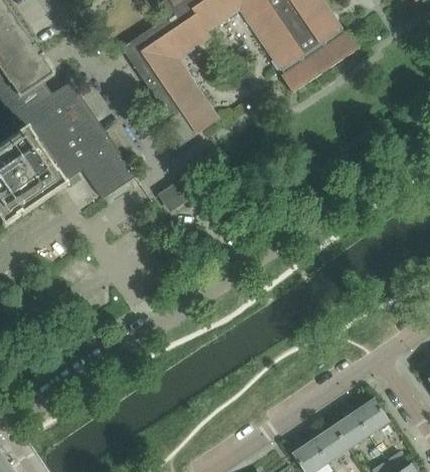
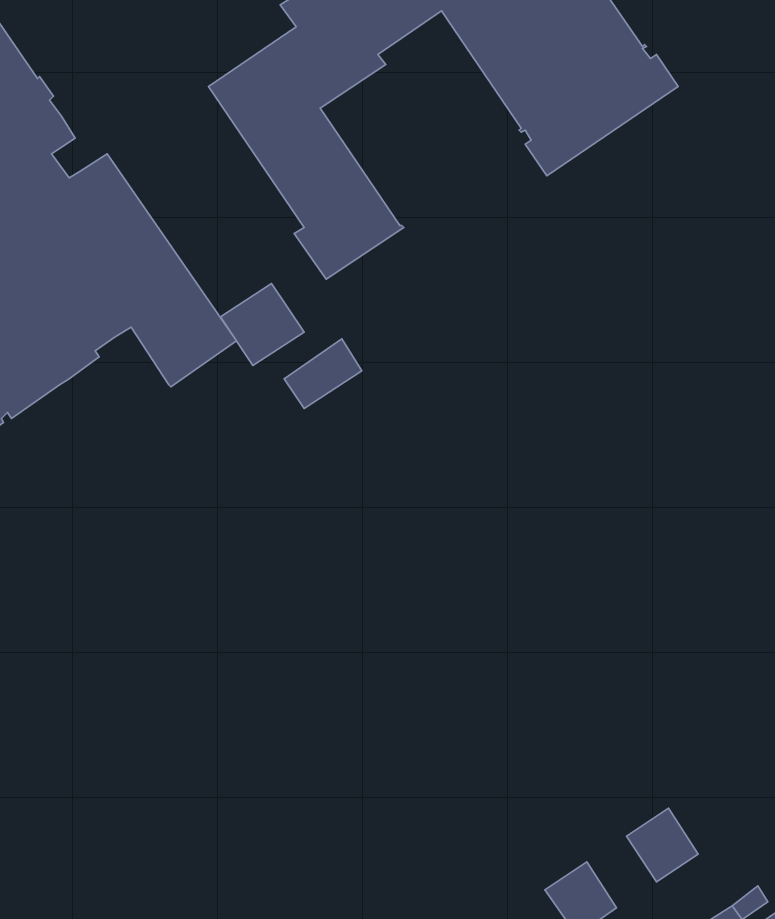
building: none -> [220,284,304,365]
building: [354,398,389,435] -> none
building: [312,426,348,462] -> none

